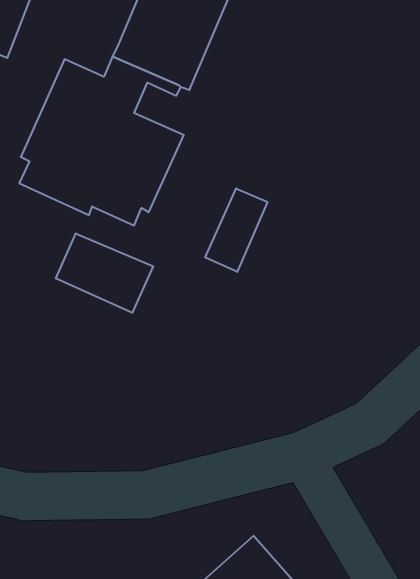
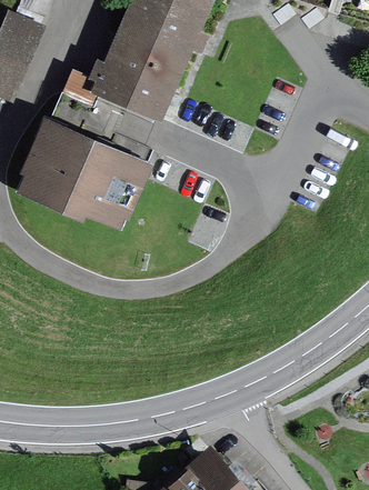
building: [205,188,267,272] -> none
building: [56,233,153,313] -> none

